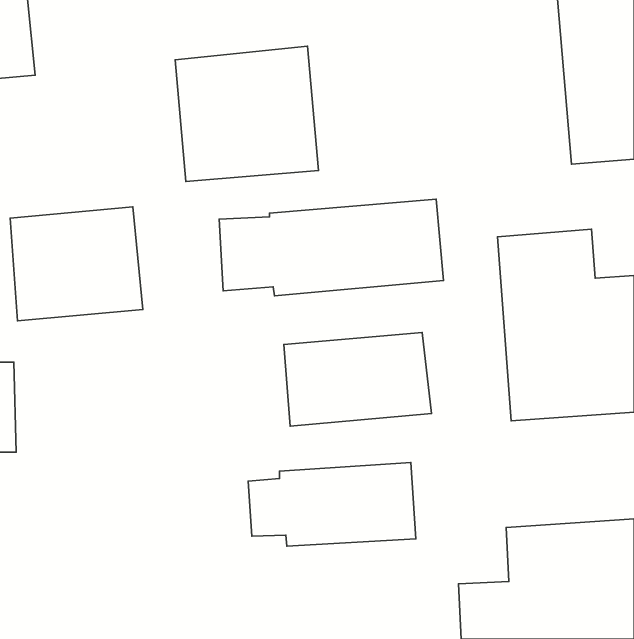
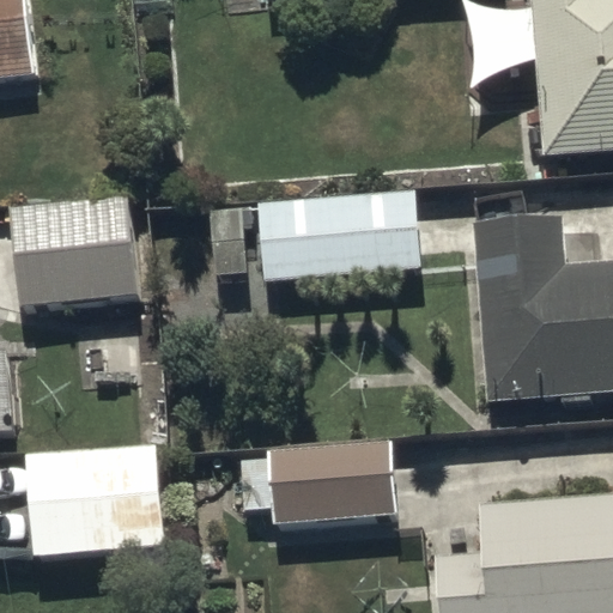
building: [175,46,318,182] -> none
building: [284,332,431,426] -> none
building: none -> [28,445,164,557]

